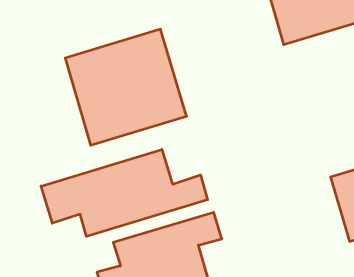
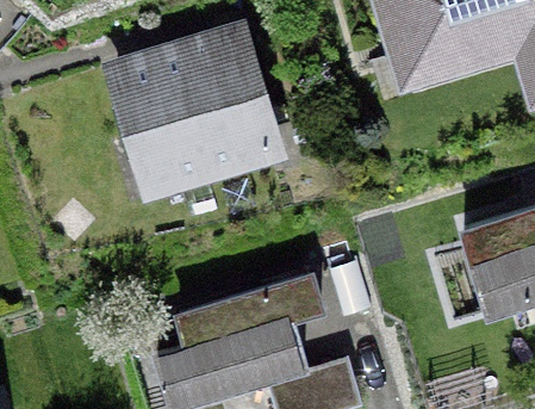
building: [41,149,208,236] -> none

